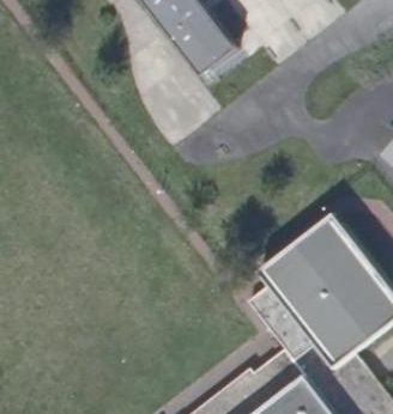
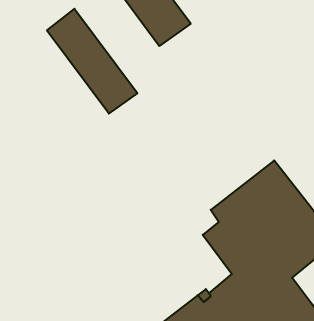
building: none -> [47,9,137,114]

